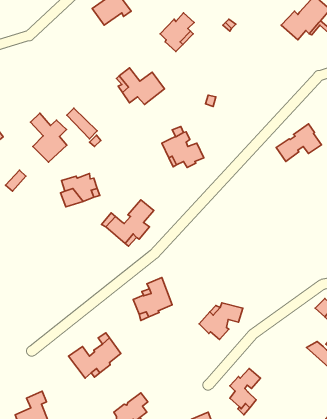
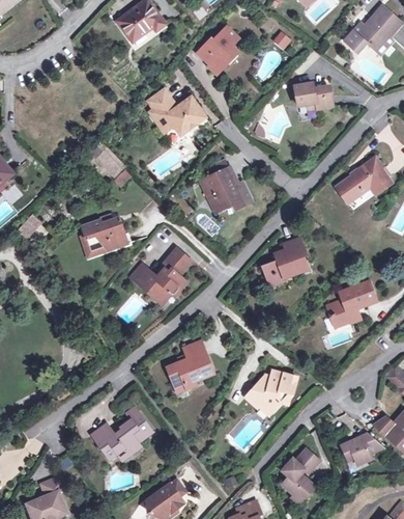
building: none -> [294,82,333,109]
building: [31,113,67,162] -> none
building: none -> [263,237,307,284]
building: none -> [326,281,375,324]
building: none -> [341,433,383,464]

